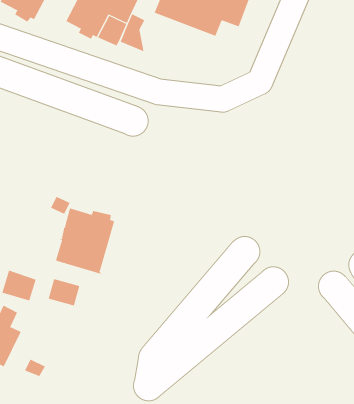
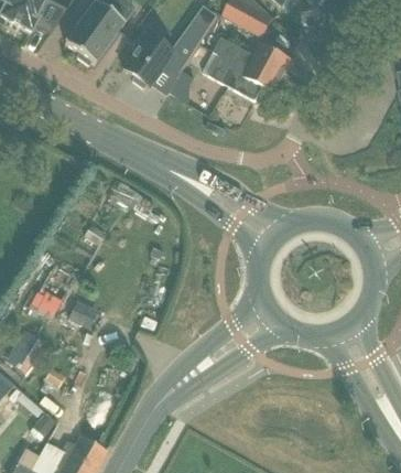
building: [54,207,116,275] -> none

